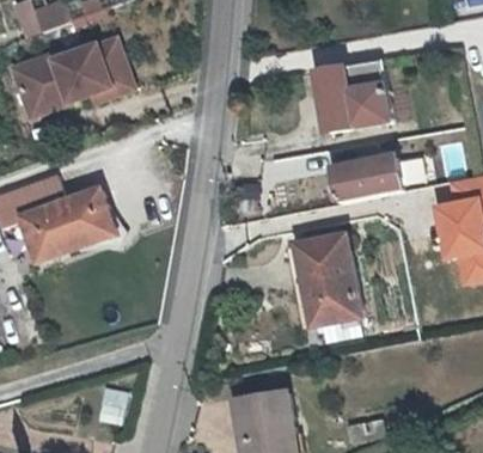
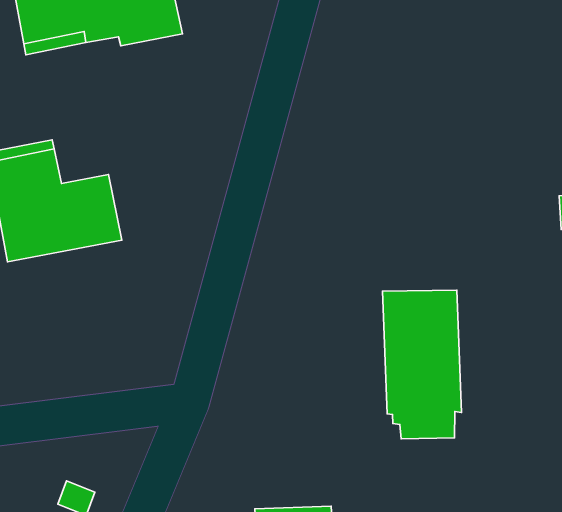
building: [317,59,391,130] -> none
building: [335,155,405,201] -> none

